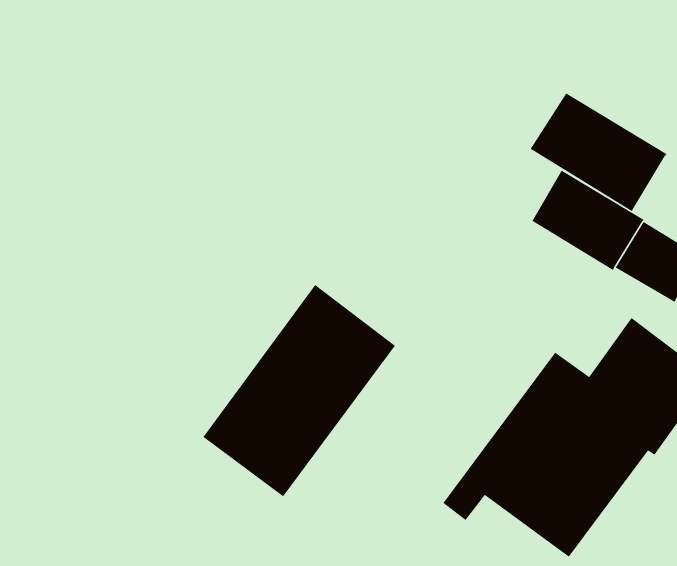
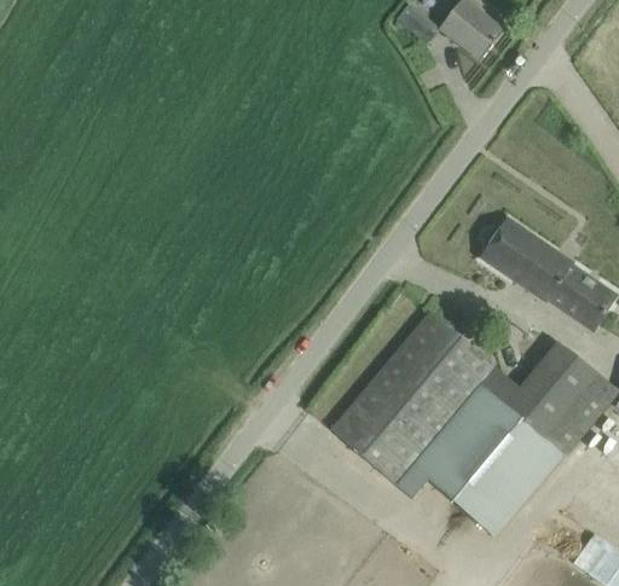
building: [530,92,667,212] -> none
building: [203,284,396,497] -> [331,311,493,482]

